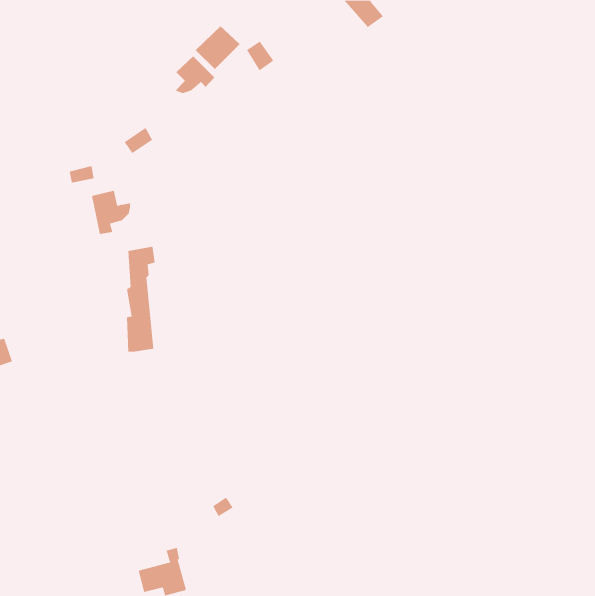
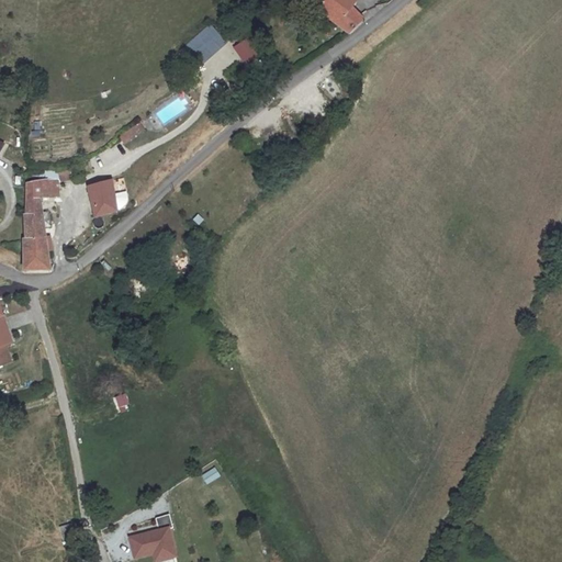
building: [175,55,215,94] -> none
building: [126,246,155,352] -> [23,168,50,268]

